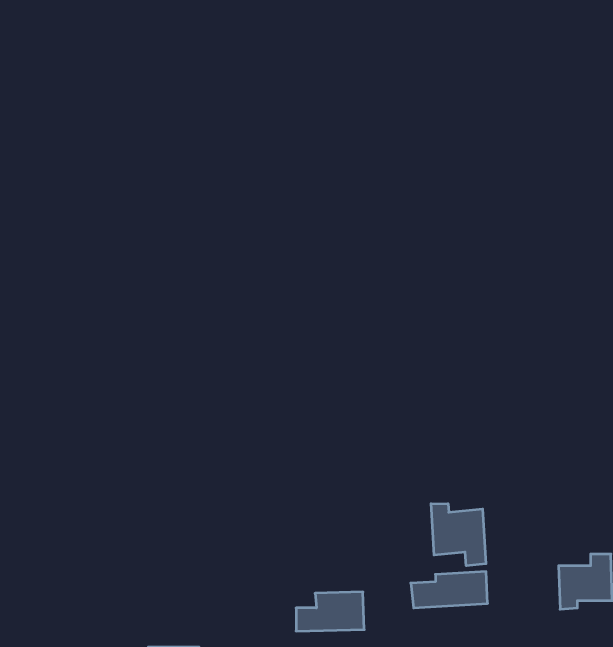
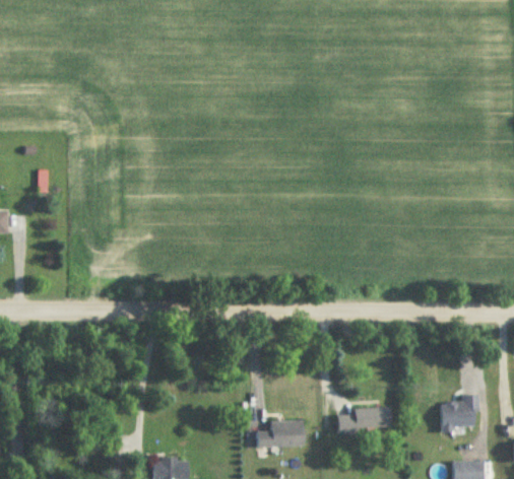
building: [431,504,486,566] -> none

